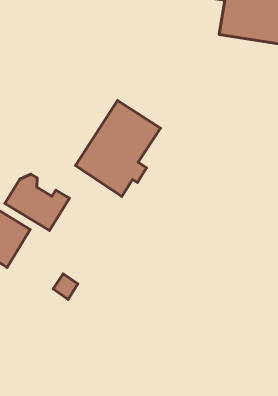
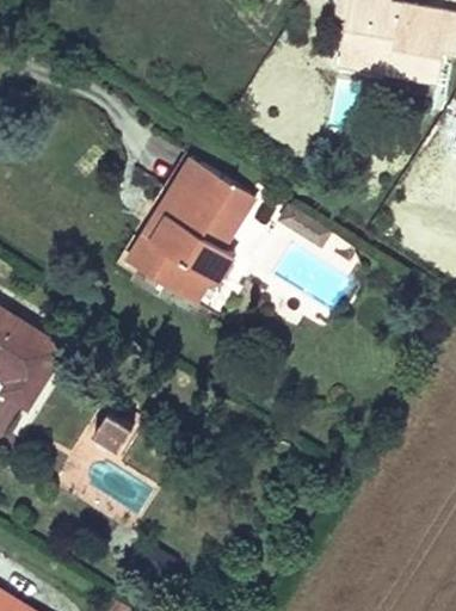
building: [5,174,70,231] -> none

